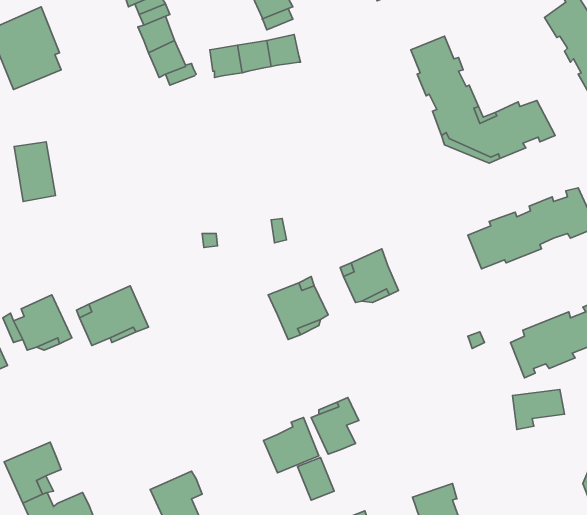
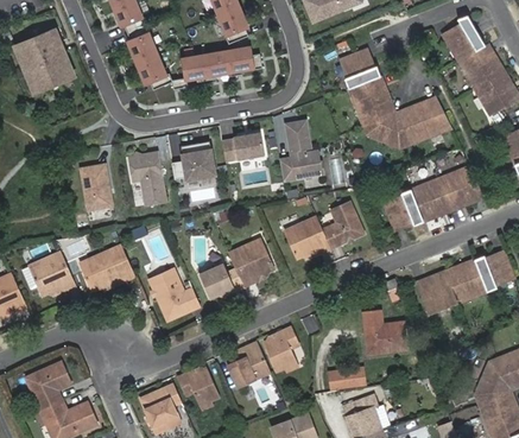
building: none -> [280,120,321,180]
building: [14,142,56,202] -> [81,164,113,210]
building: none -> [222,132,265,163]
building: none -> [172,142,216,179]
building: none -> [128,151,166,204]
building: none -> [322,199,365,246]
building: none -> [201,261,245,294]
building: none -> [151,266,201,317]
building: [512,390,565,429] -> [362,323,403,354]
building: none -> [328,364,367,388]
building: none -> [175,370,217,407]

